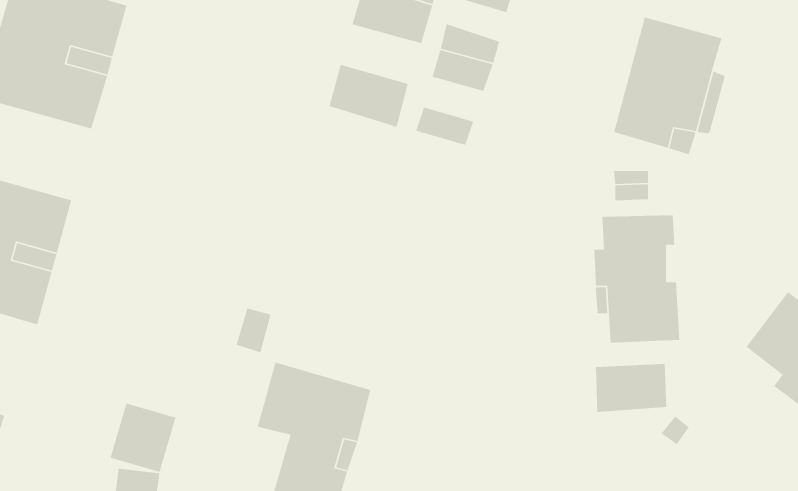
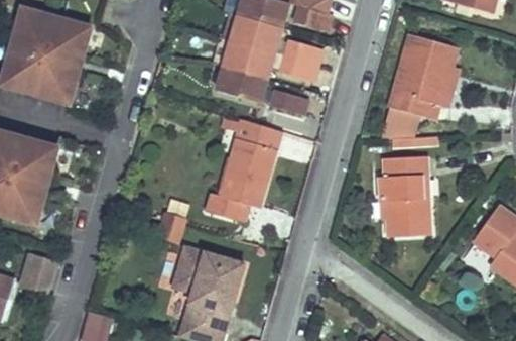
building: none -> [223,38,273,75]
building: none -> [207,117,281,220]
building: [595,363,667,413] -> none
building: [110,403,177,473] -> [17,251,58,295]

